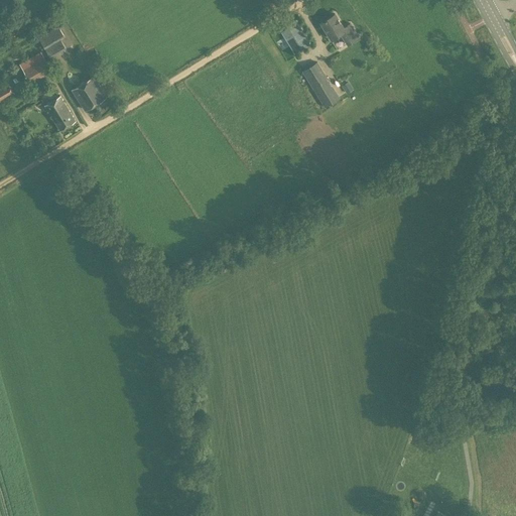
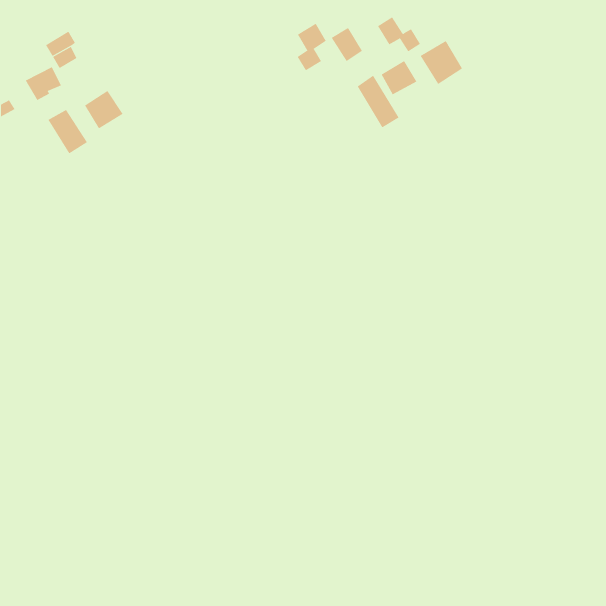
building: none -> [297,23,327,71]
building: none -> [420,40,463,85]
building: none -> [381,60,417,95]

